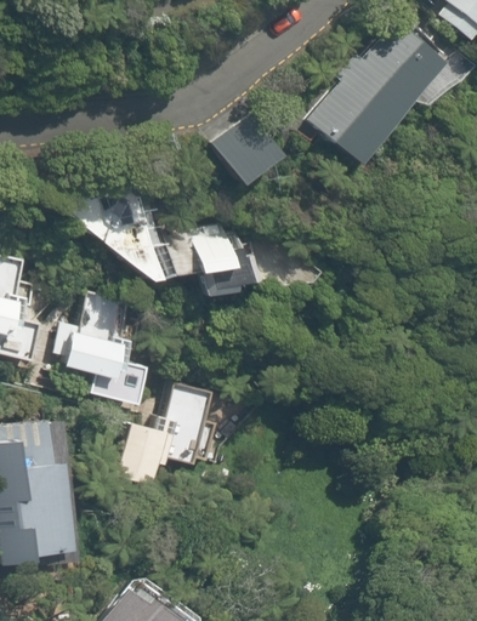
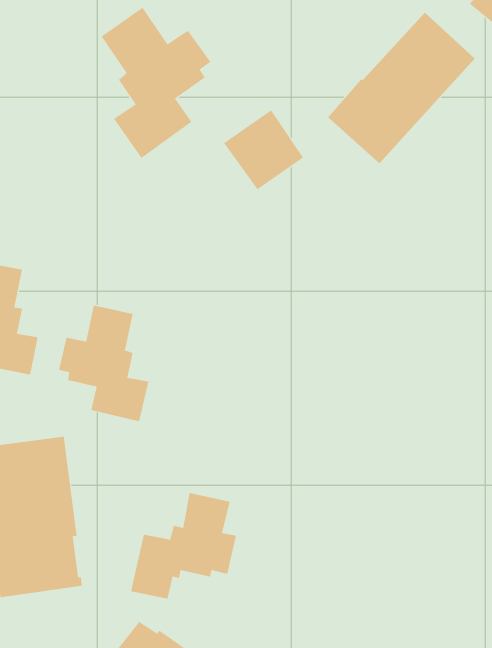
building: none -> [101,7,211,159]
building: [73,176,250,294] -> none
building: [118,384,217,484] -> [130,492,237,599]

